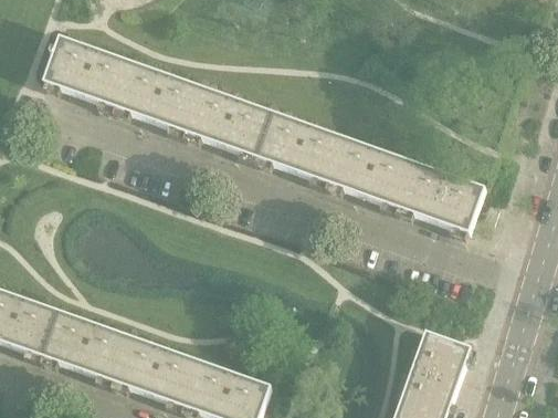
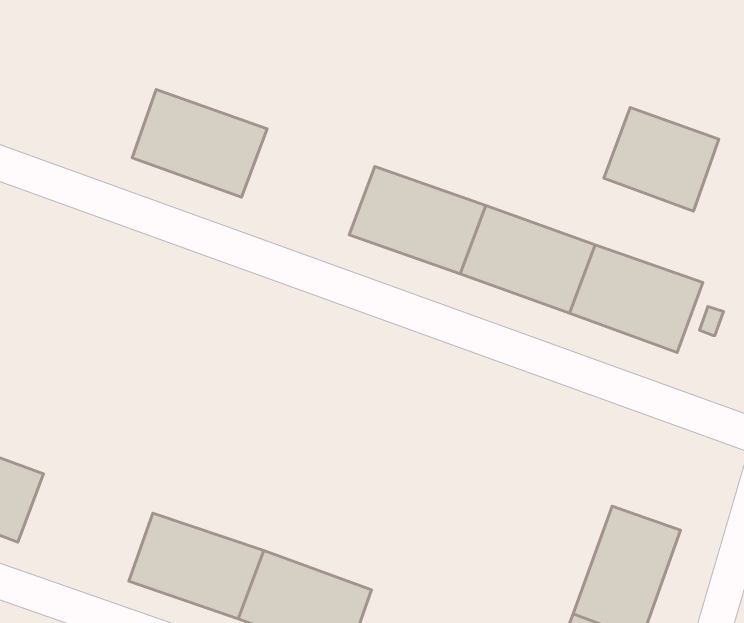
building: [42,34,129,104] -> none
building: none -> [604,108,719,211]
building: [185,85,271,154] -> none
building: [40,309,127,378] -> none

